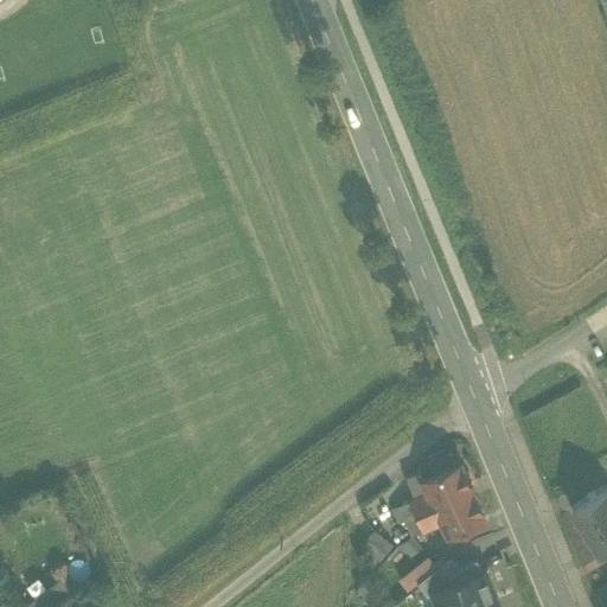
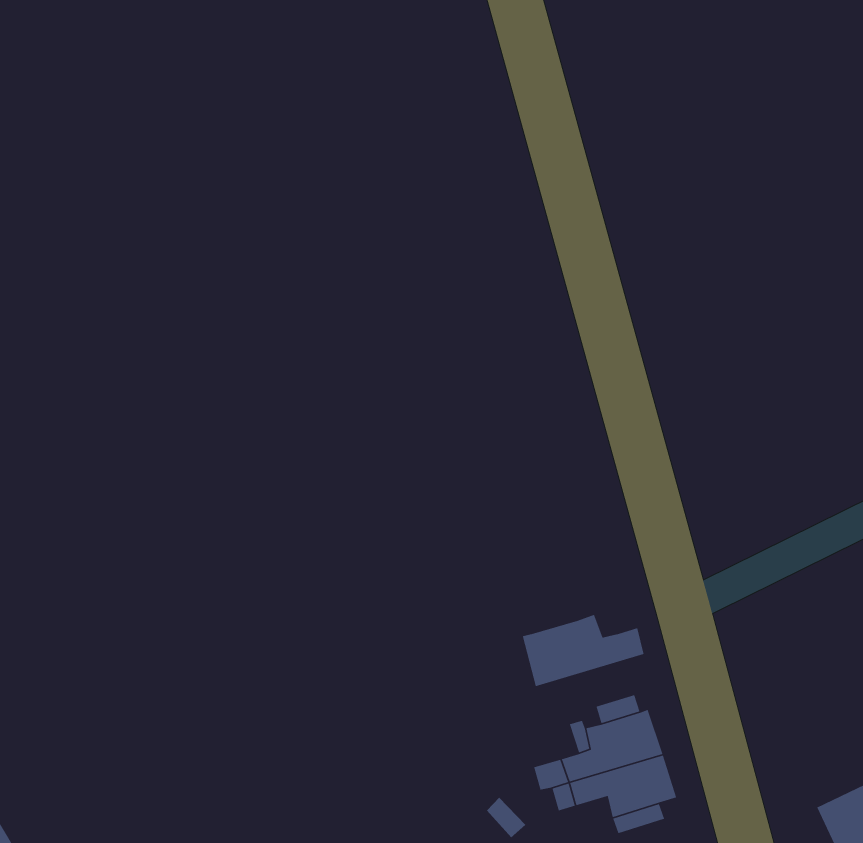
building: none -> [522,614,645,687]

